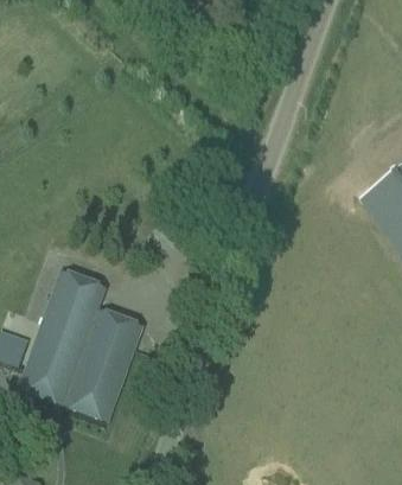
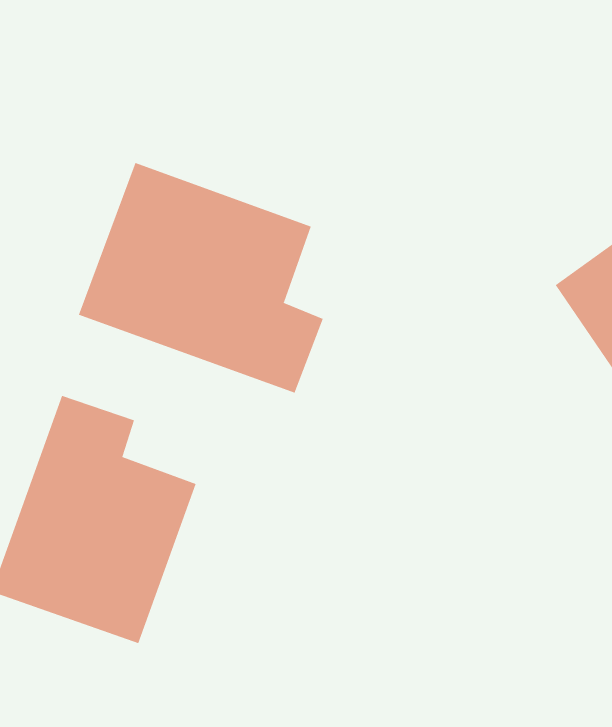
building: none -> [78,162,324,393]

